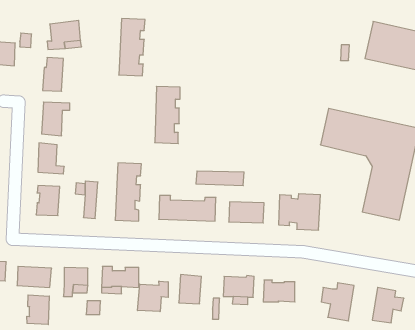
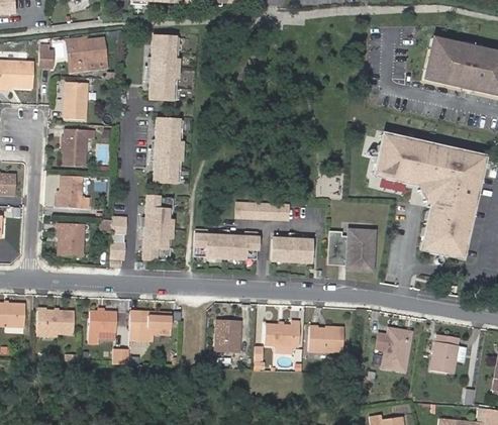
building: [155,86,180,144] -> [155,117,183,181]
building: [138,281,168,312] -> none
building: [27,295,49,325] -> none

